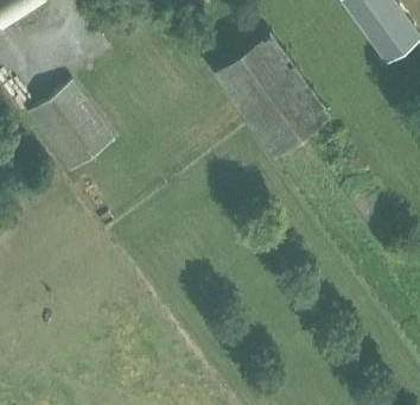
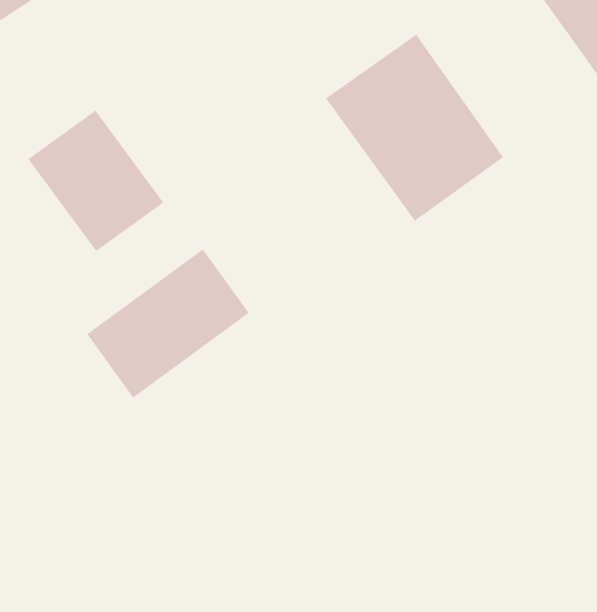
building: none -> [87,248,249,399]

